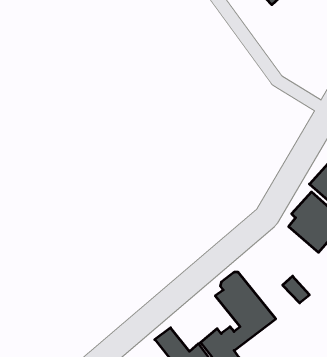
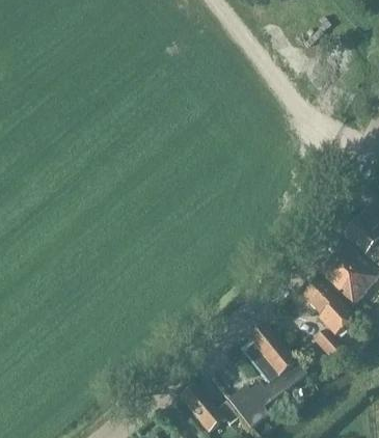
building: none -> [302,278,355,335]

